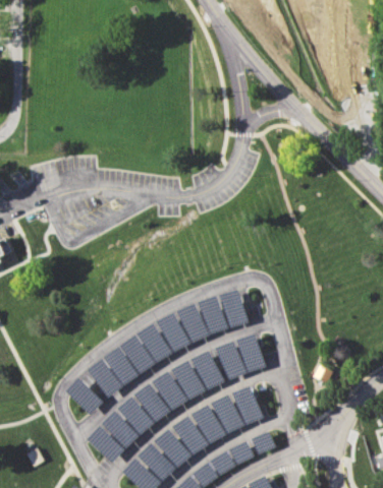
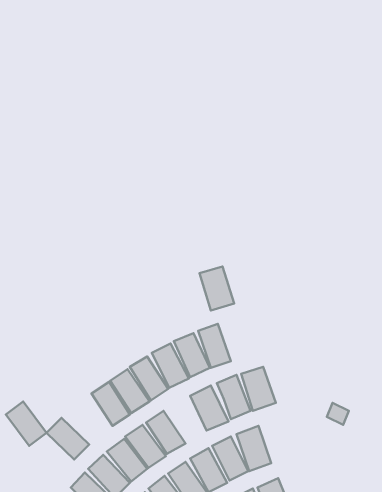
building: [219,289,250,327] -> [199,266,234,310]
building: [88,359,123,398] -> [6,402,46,446]
building: [172,361,205,400] -> none

